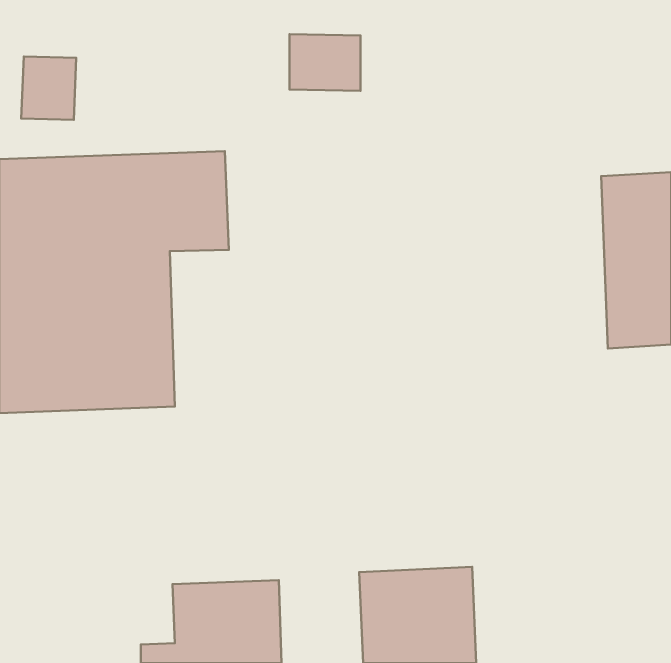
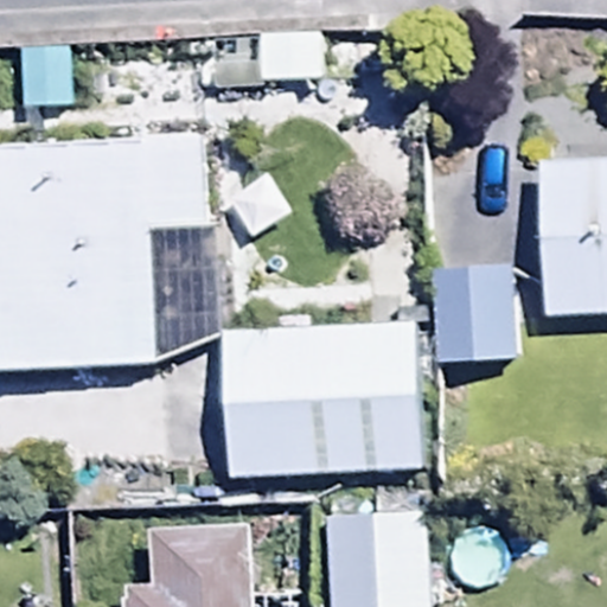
building: none -> [428,263,518,364]
building: none -> [226,321,423,477]

